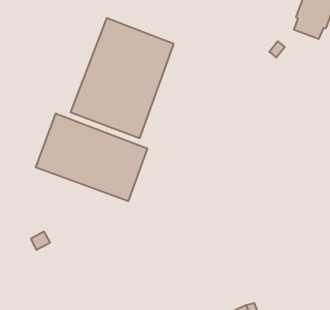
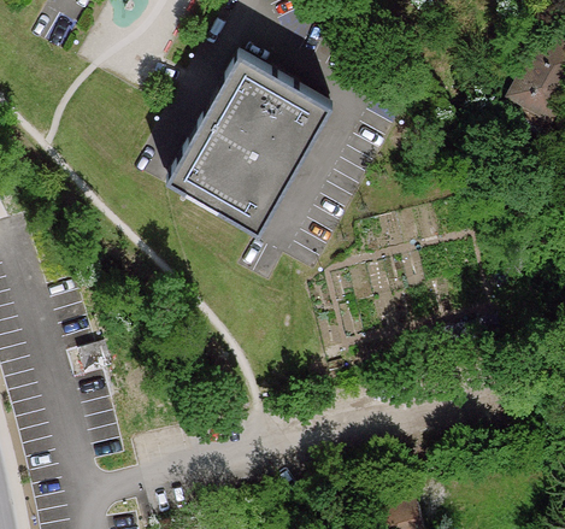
building: [36,113,147,201] -> none

